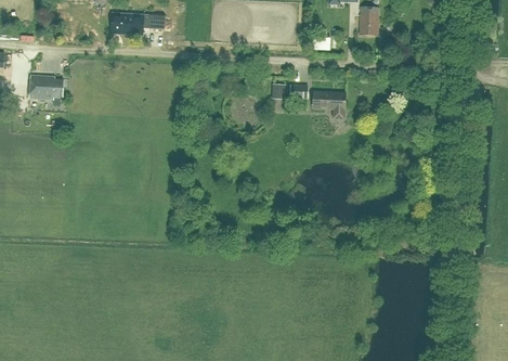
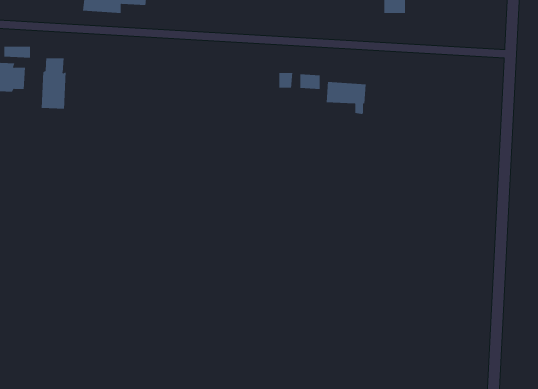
building: none -> [41,57,66,109]

